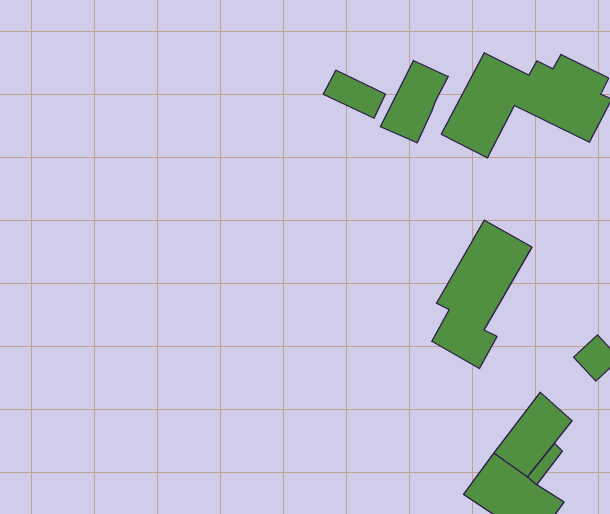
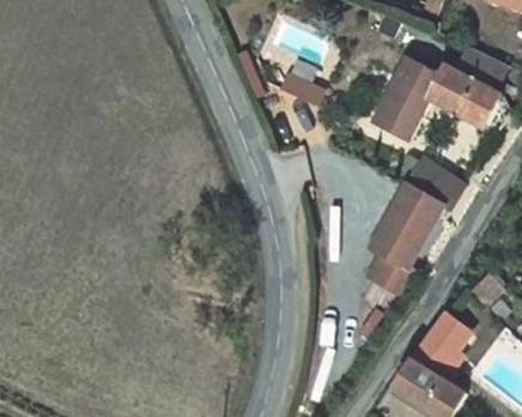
building: [380,60,448,143] -> none
building: none -> [405,156,463,207]

